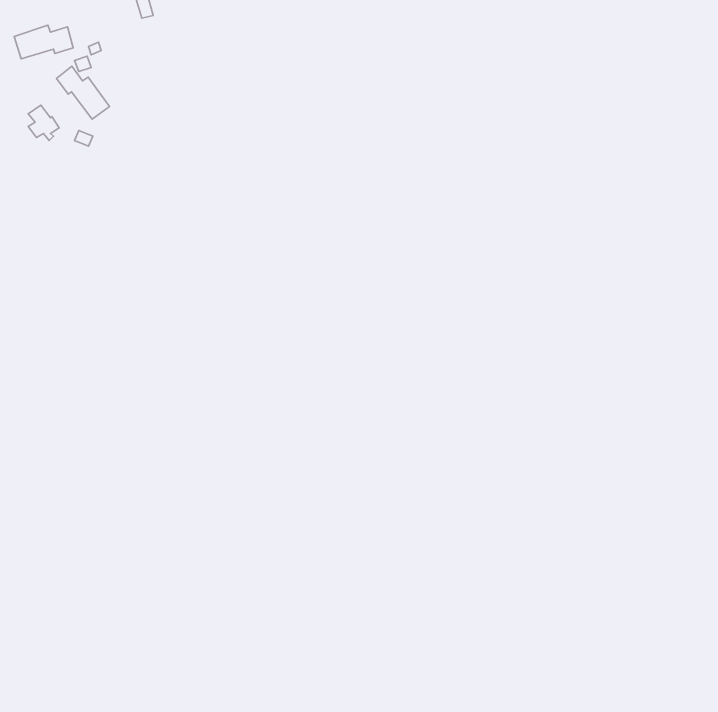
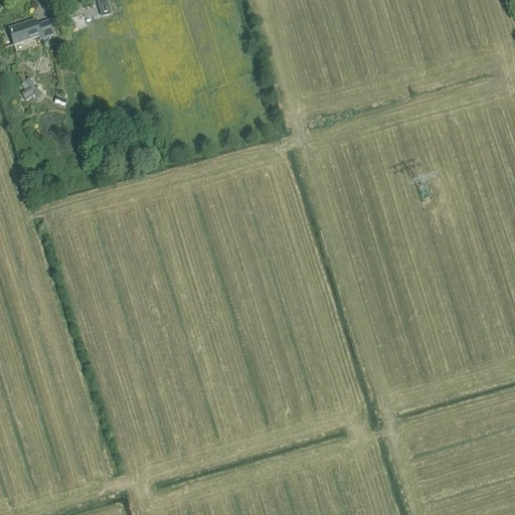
building: [57,66,109,119] -> none

